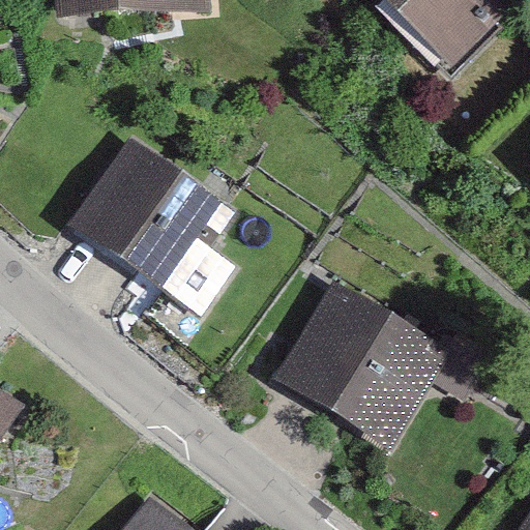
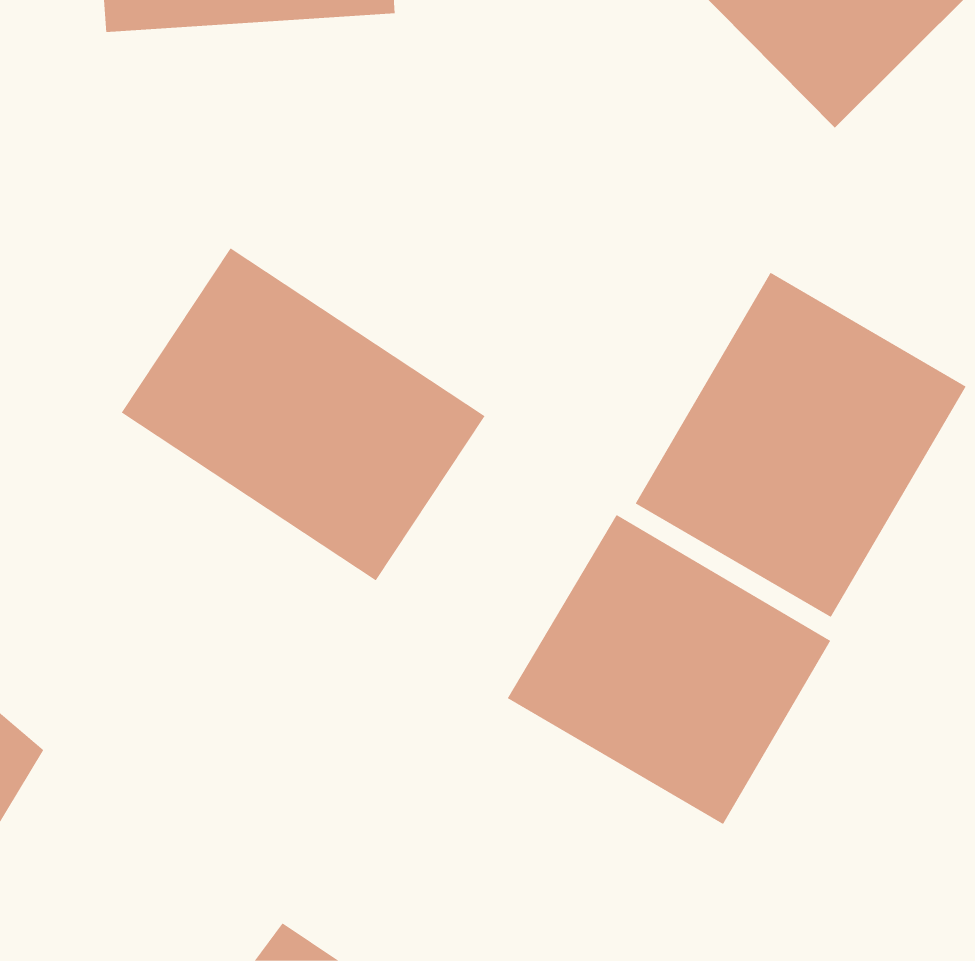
building: none -> [635,272,966,618]

